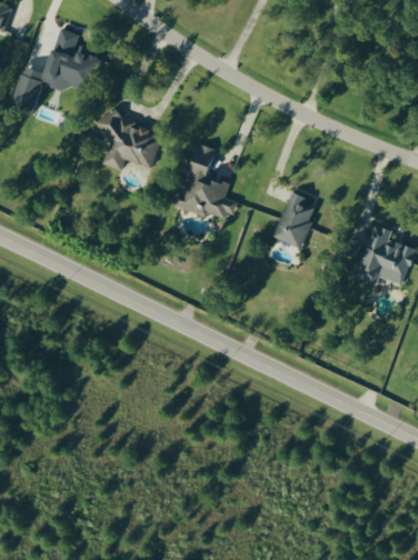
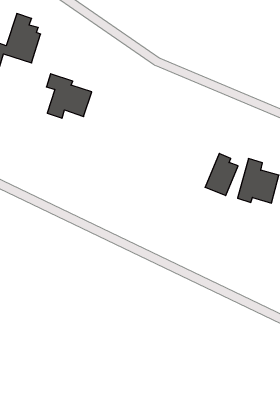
building: [172,142,239,218] -> none
building: [273,191,318,248] -> [205,153,238,196]

